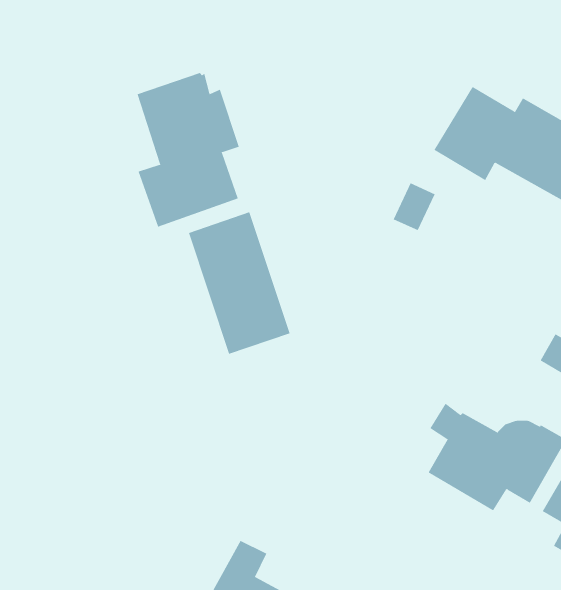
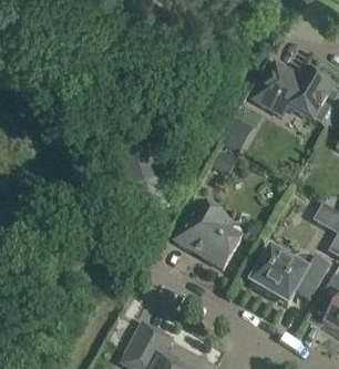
building: [137,72,240,228] -> none
building: none -> [174,199,242,267]

